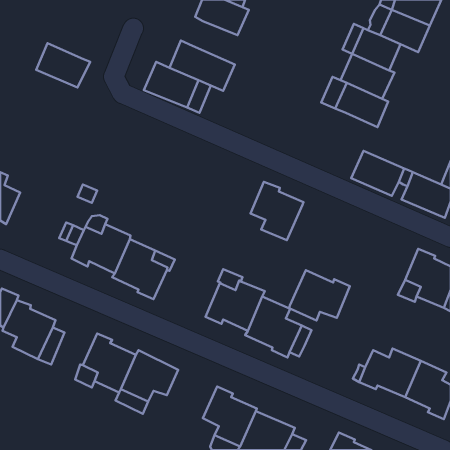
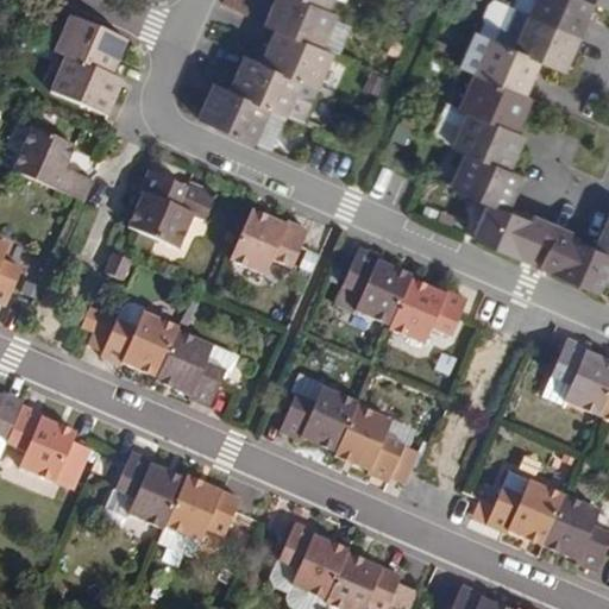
building: none -> [52,17,126,79]
building: none -> [260,29,333,87]
building: none -> [12,127,94,201]
building: none -> [452,152,523,211]
building: none -> [128,168,194,250]
building: none -> [227,209,309,276]
building: [289,270,350,321] -> [387,276,469,344]

